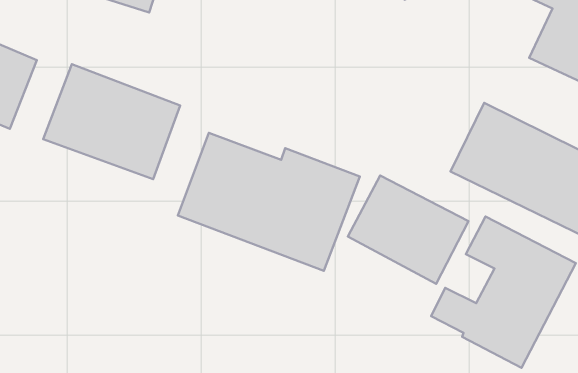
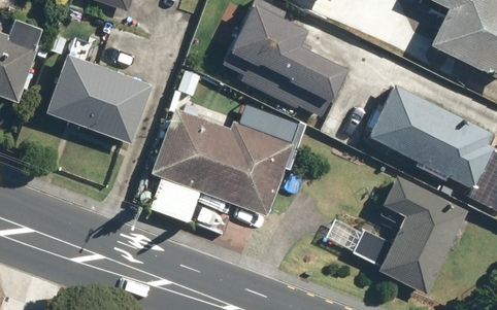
building: none -> [227,6,346,119]
building: [348,175,469,284] -> none

